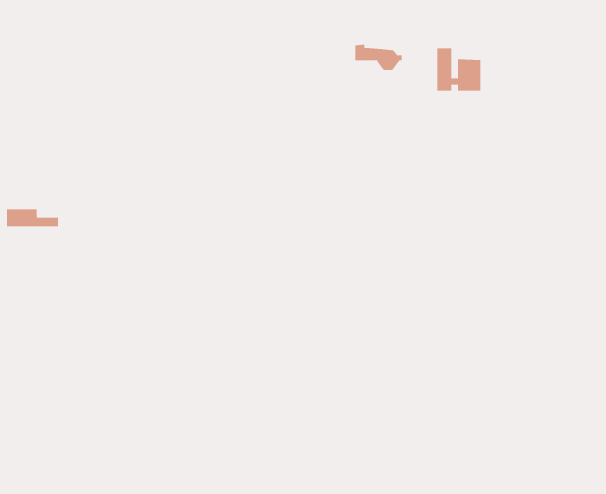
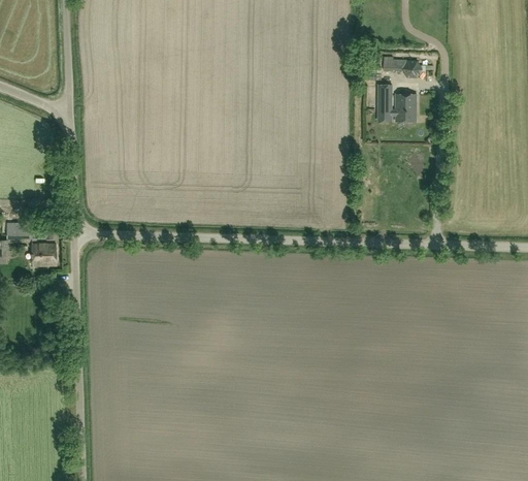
building: [355,44,402,70] -> [383,56,424,78]
building: none -> [31,244,56,266]

